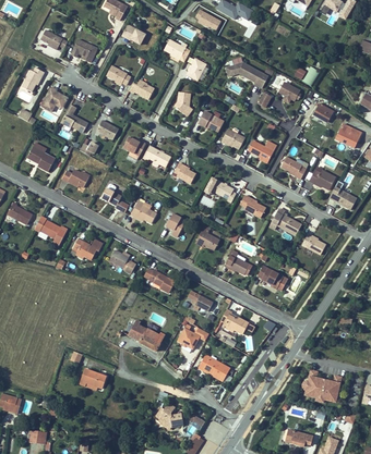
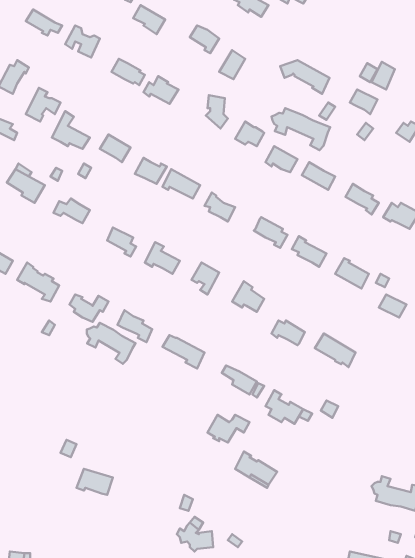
building: none -> [271,108,330,150]
building: none -> [87,323,135,364]
building: [127,320,163,352] -> none

